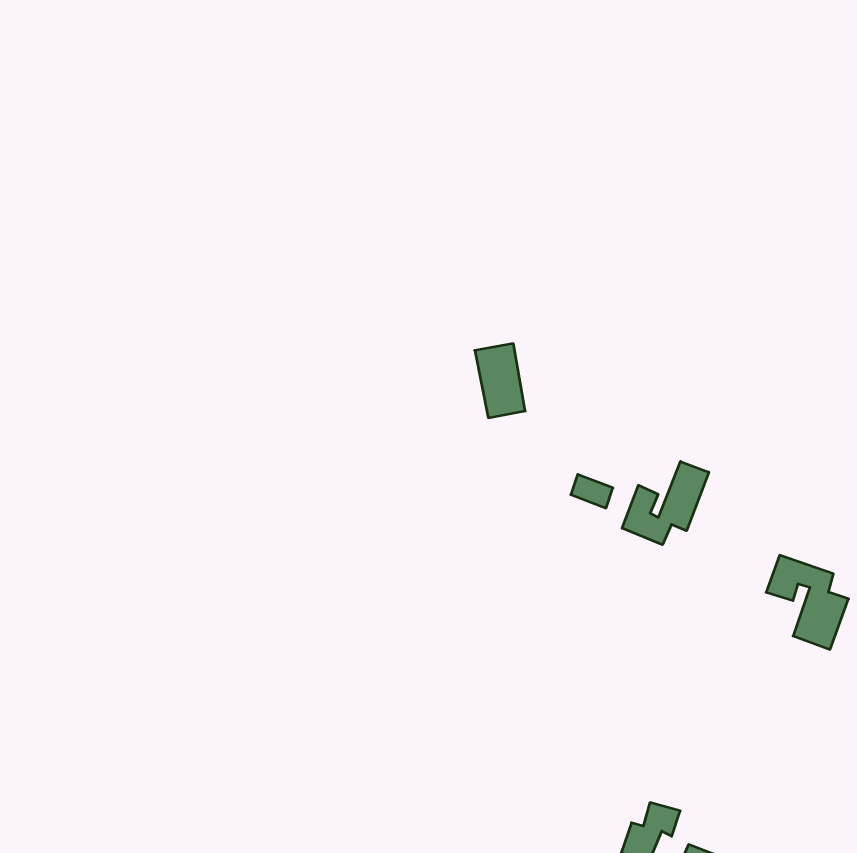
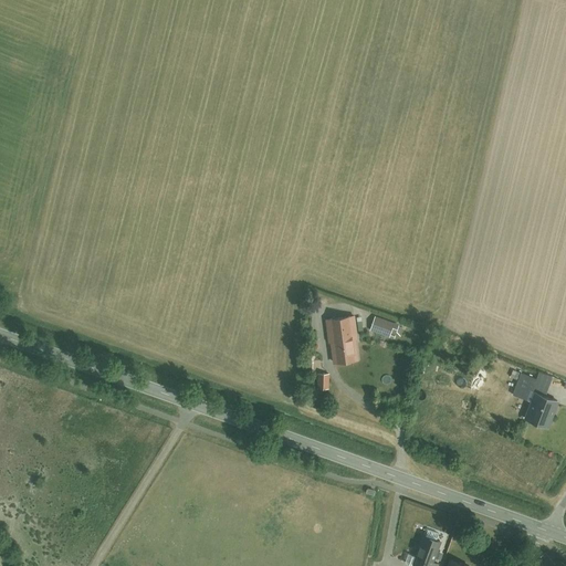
building: [475,344,525,418] -> [325,317,358,366]
building: [622,461,709,545] -> none

